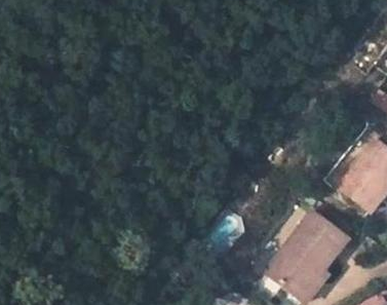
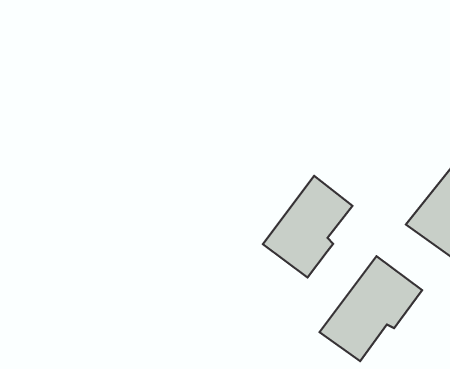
building: none -> [263,176,353,278]

